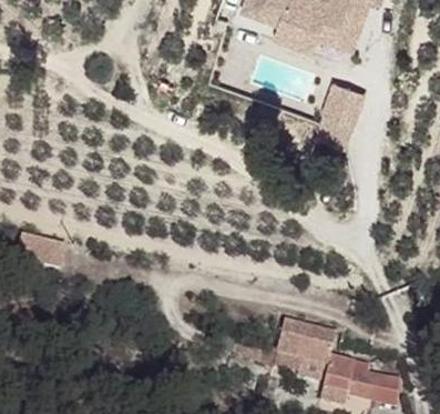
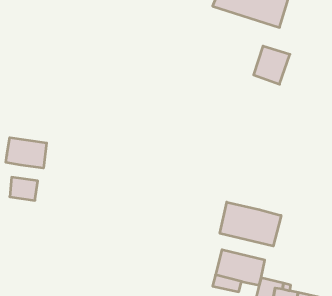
building: none -> [6,138,47,168]
building: none -> [220,202,281,246]

